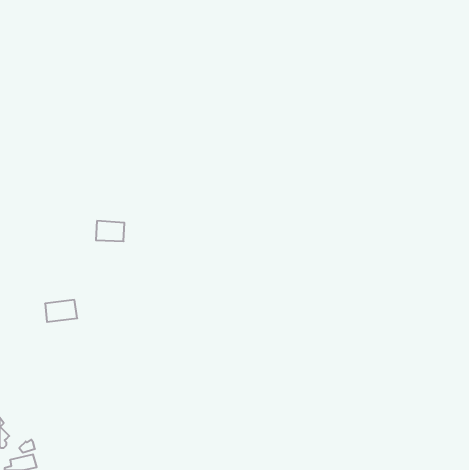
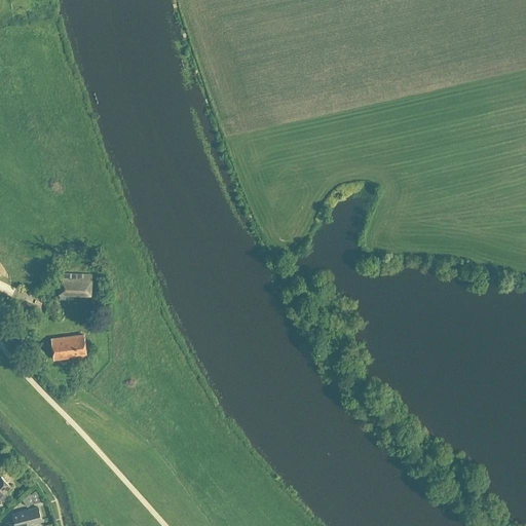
building: [96,221,124,241] -> [59,273,90,296]

